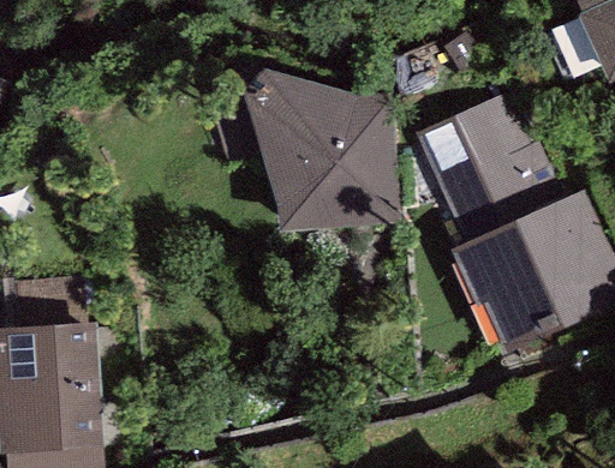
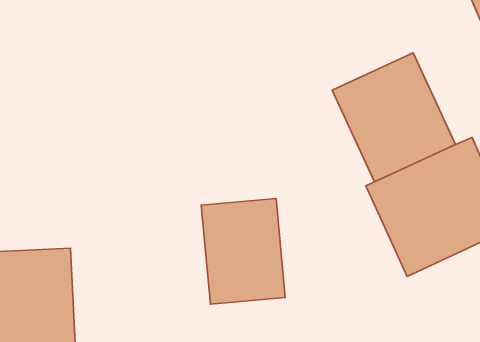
building: [241,71,400,233] -> none
building: none -> [201,198,285,304]

